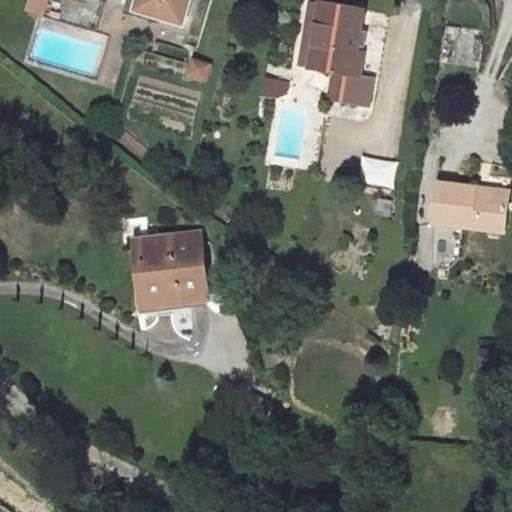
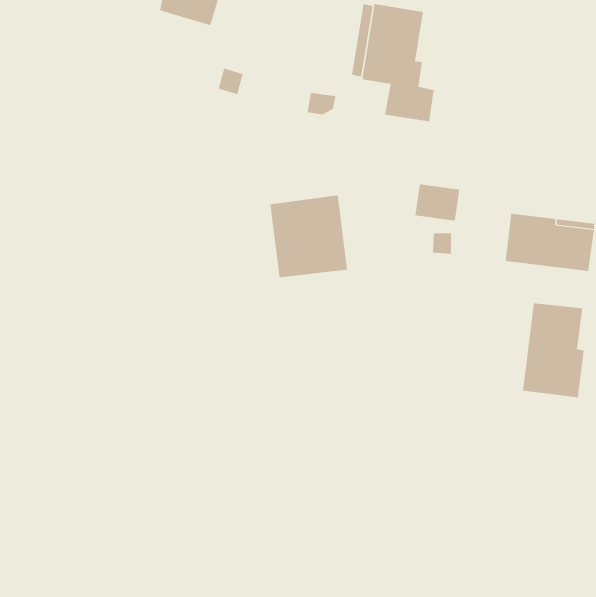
building: [138,234,205,305] -> [269,195,348,278]
building: none -> [523,302,584,398]

